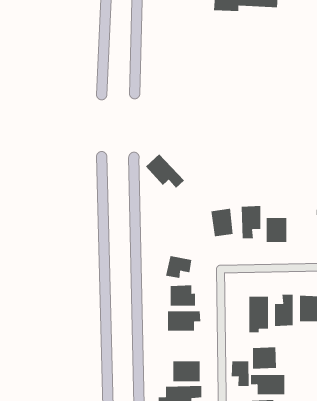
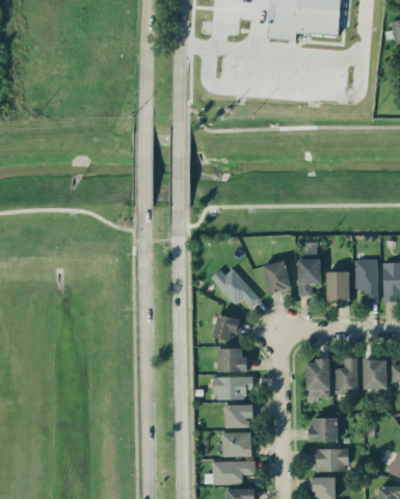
building: [145,154,185,189] -> [216,268,261,308]
building: none -> [355,259,378,301]
building: none -> [225,404,254,427]
building: [231,361,249,387] -> none

